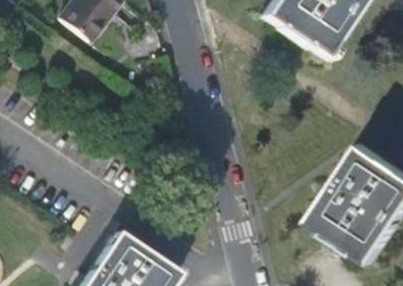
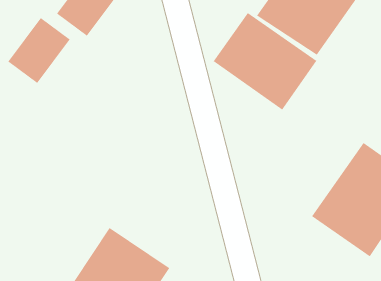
building: none -> [213,12,317,110]
building: none -> [8,17,70,84]

